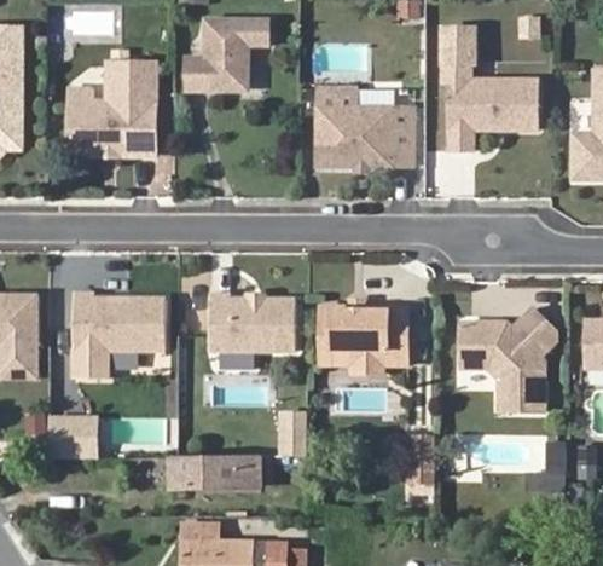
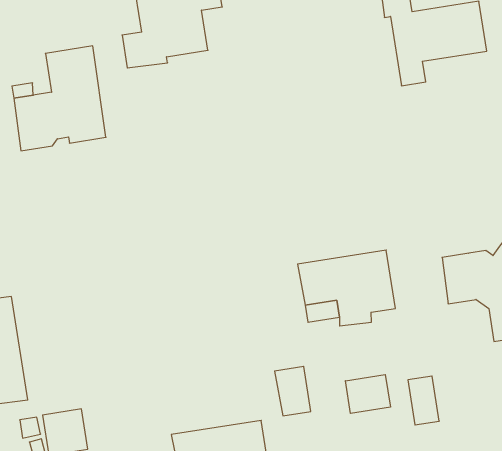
building: [317,87,412,166] -> none
building: [73,294,164,379] -> none
building: [209,295,295,351] -> none
building: none -> [345,375,390,413]

